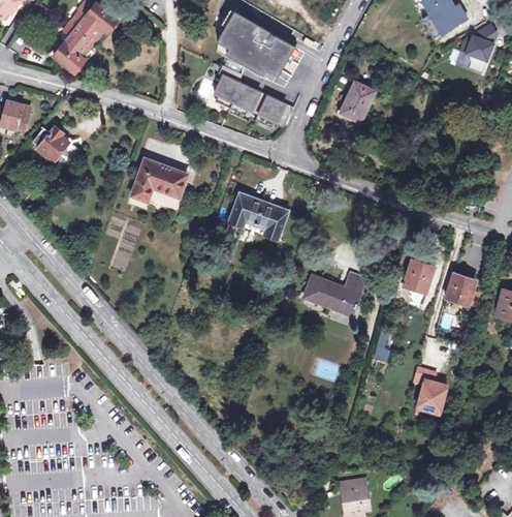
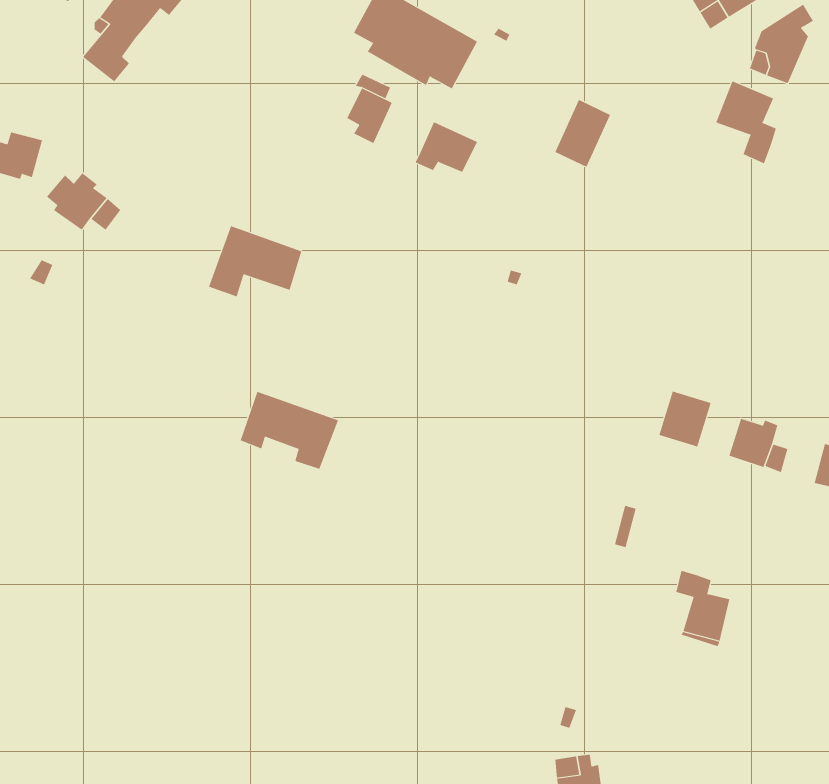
building: none -> [715,80,776,164]
building: [230,84,266,114] -> none
building: [229,192,289,240] -> [240,391,339,470]
building: [302,272,366,316] -> none

